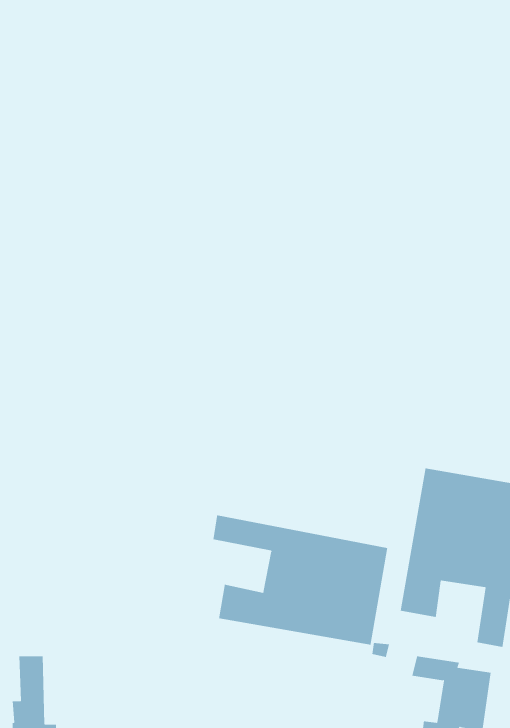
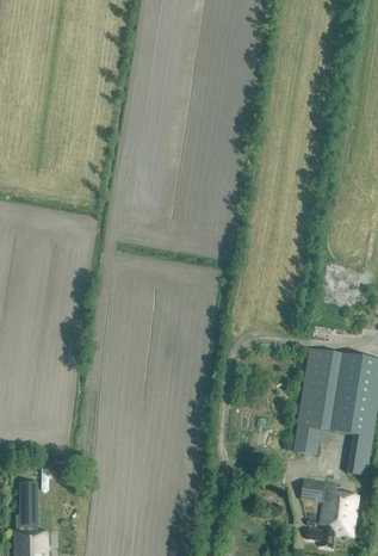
building: [213,515,388,645] -> none

